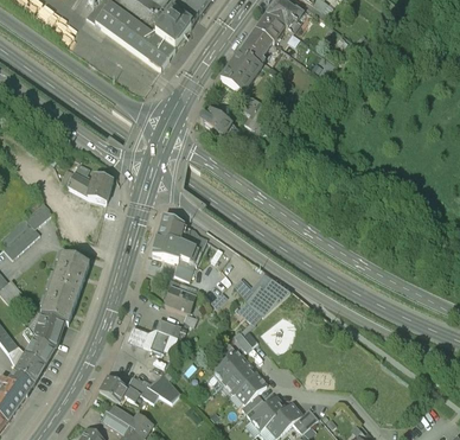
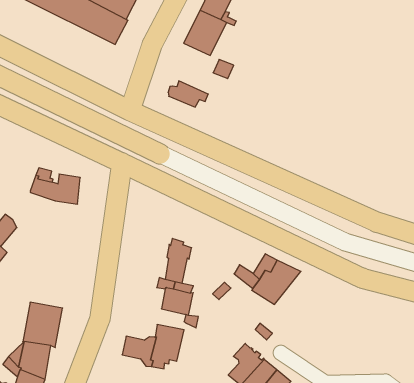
building: [153,213,206,257] -> none
building: [52,254,89,289] -> none

